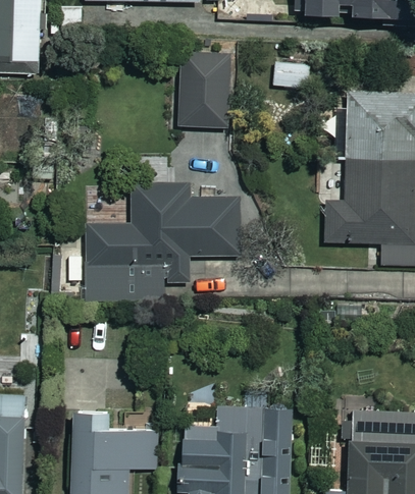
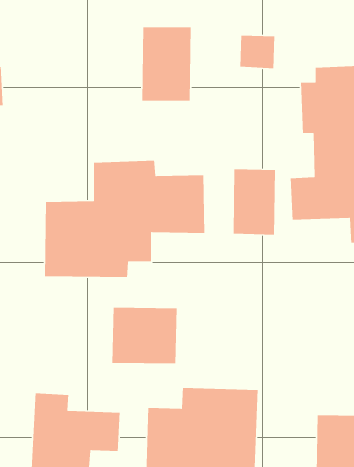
building: none -> [233,168,276,235]
building: none -> [112,307,178,364]

